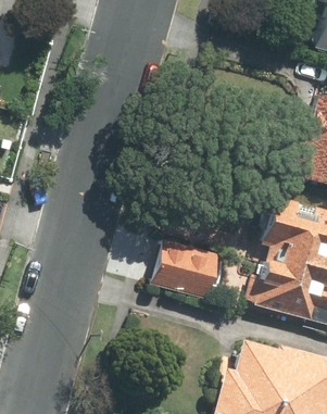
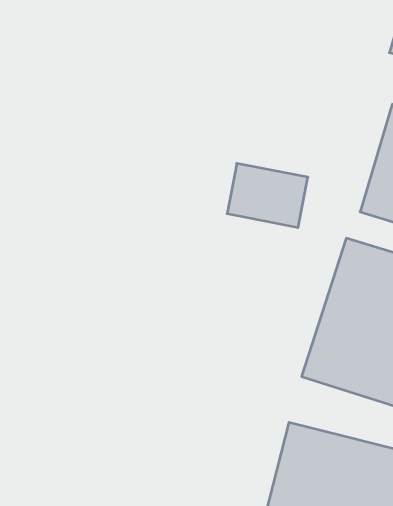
building: [159,241,222,291] -> [227,163,308,228]

